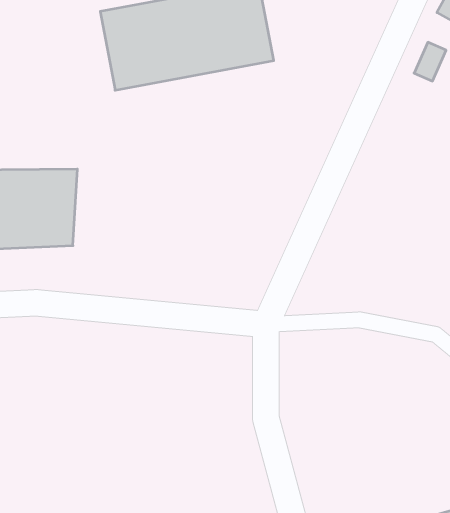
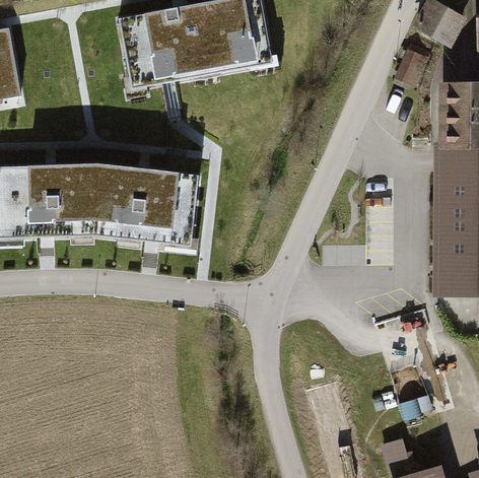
building: none -> [97,162,202,242]

